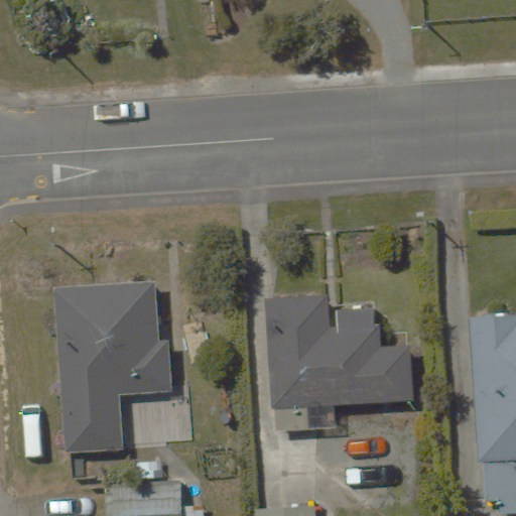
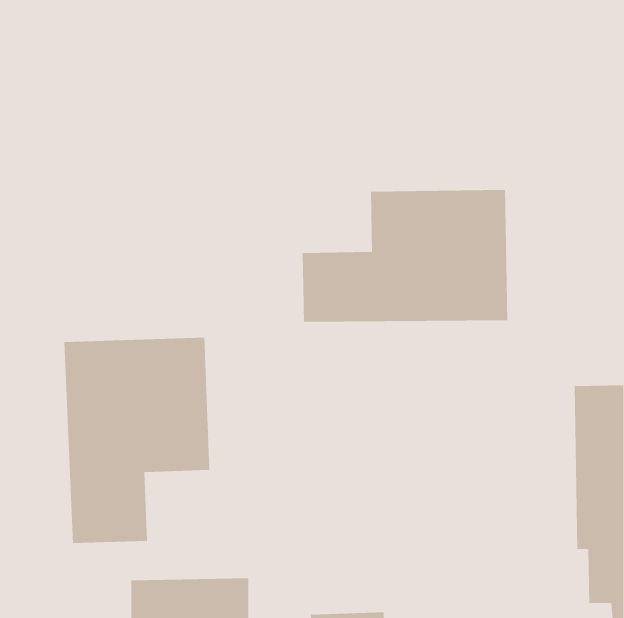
building: none -> [302,189,508,323]
building: [274,295,415,433] -> none

